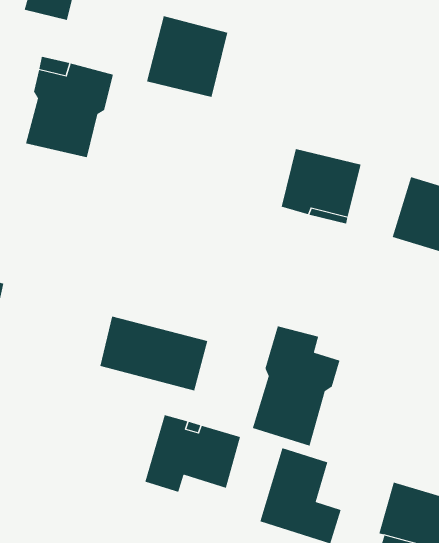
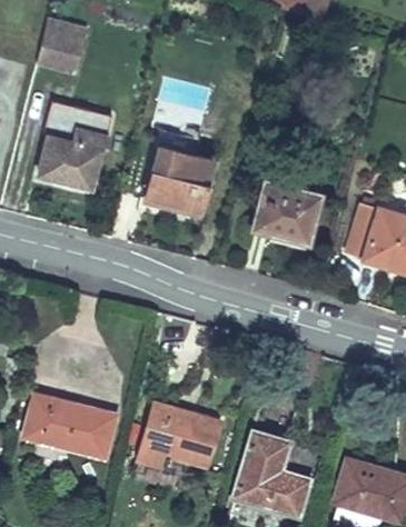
building: [146,15,228,97] -> [145,147,214,216]
building: [100,316,208,391] -> [24,395,116,458]
building: [252,325,340,446] -> none

